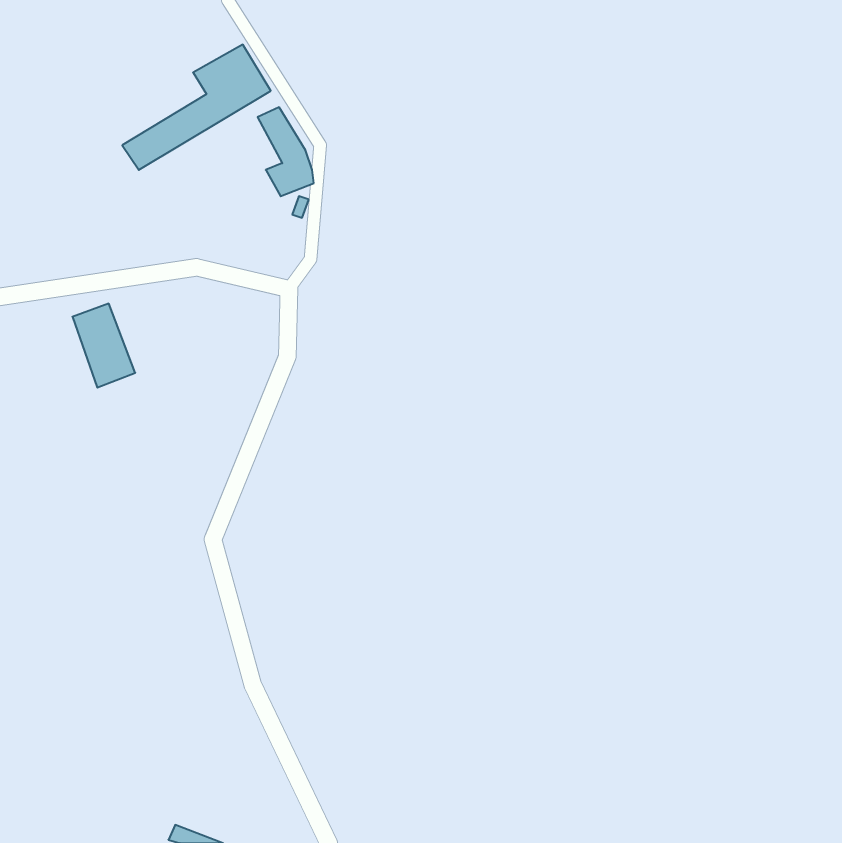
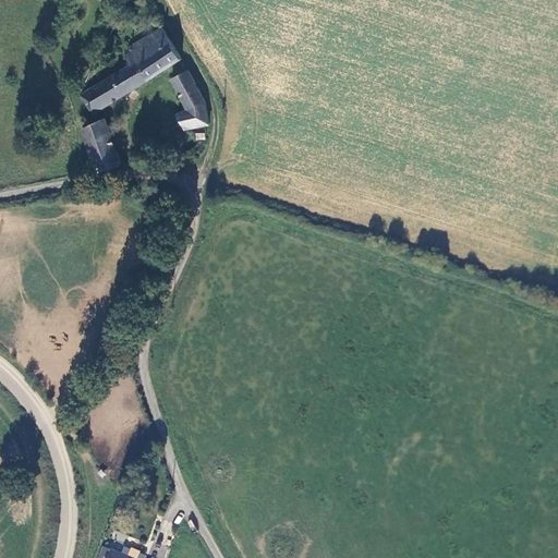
building: [72,304,135,388] -> [78,118,120,173]

